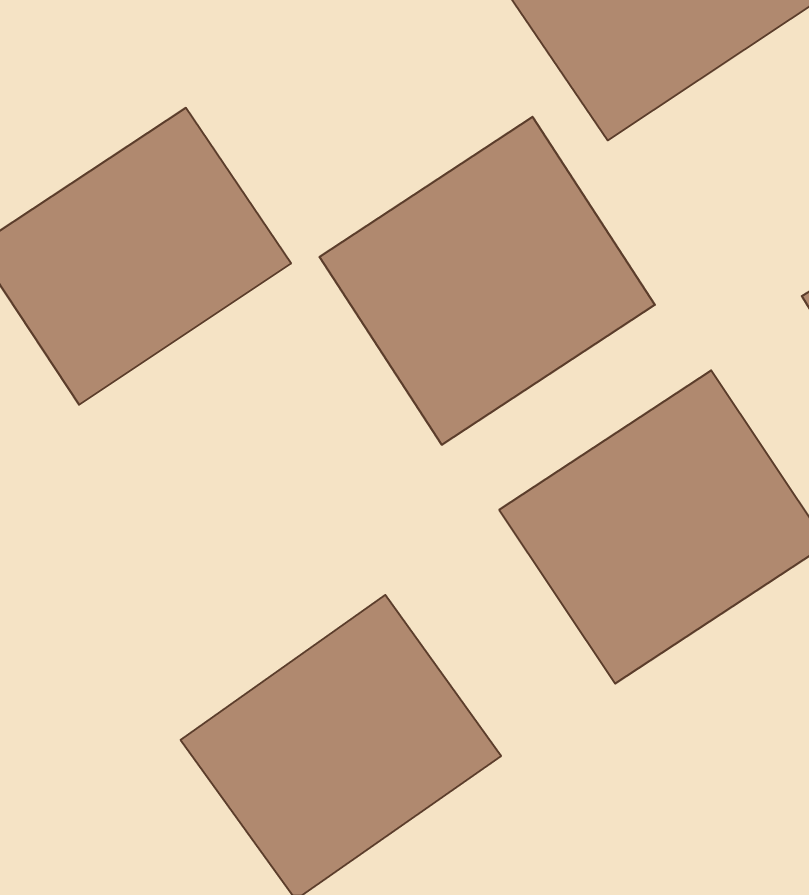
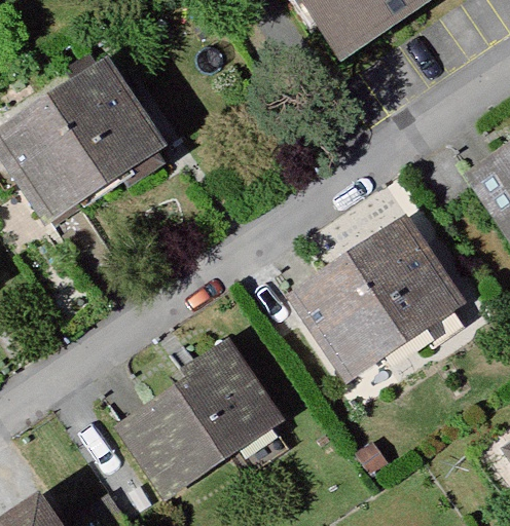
building: [320,117,655,445] -> none

